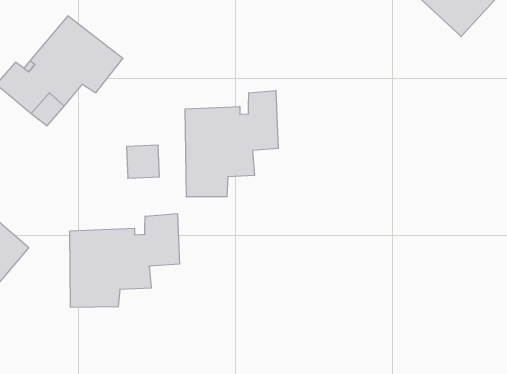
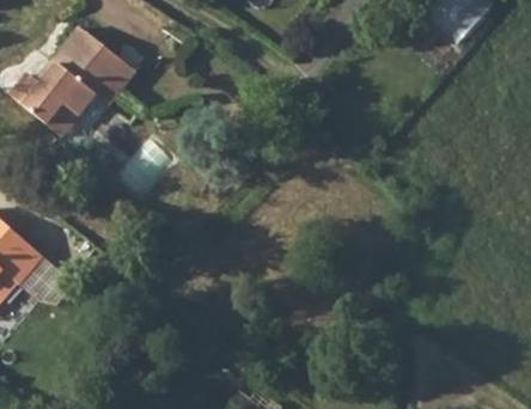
building: [185,90,278,197] -> none
building: [70,214,179,307] -> none

